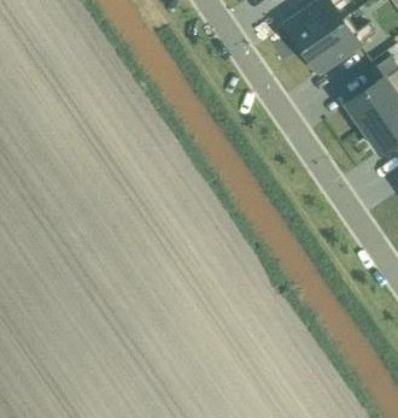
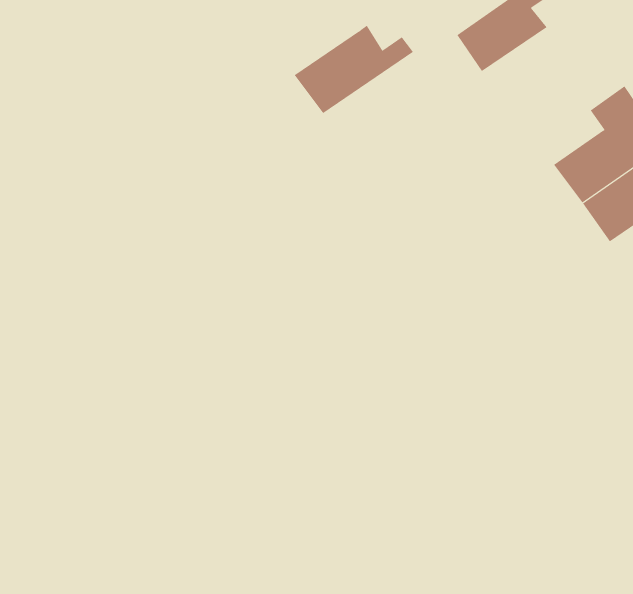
building: [302,17,376,72] -> [294,25,414,114]

